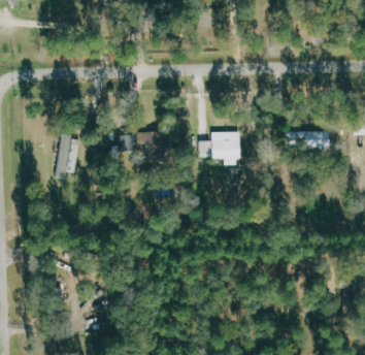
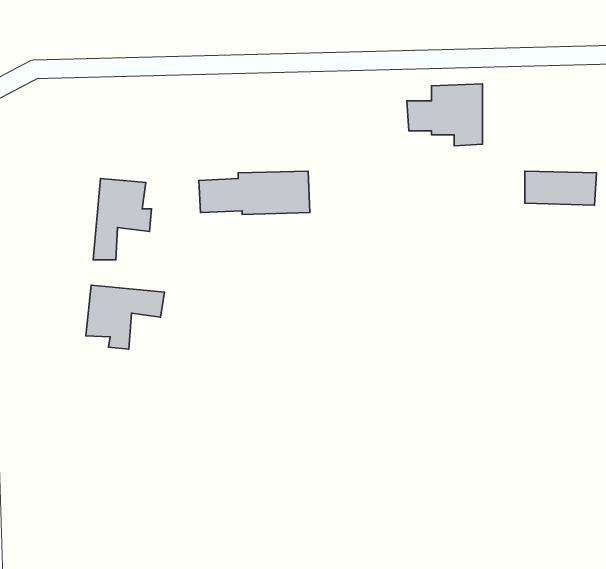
building: [198,131,239,165] -> [407,84,482,146]
building: none -> [86,285,165,349]

